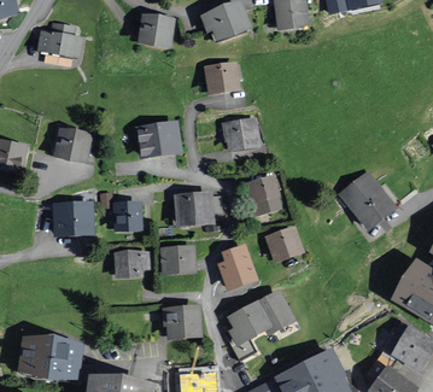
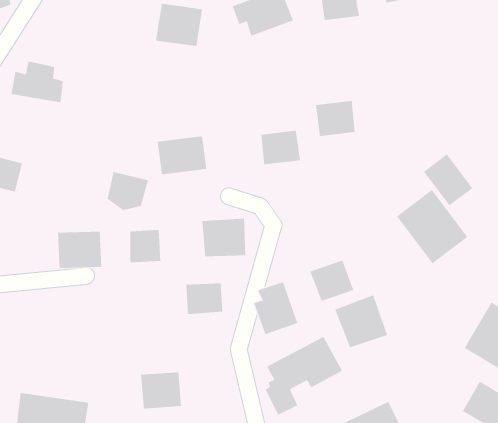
building: [37,22,82,57] -> [11,61,64,103]
building: [205,63,239,93] -> [315,101,355,137]
building: [55,130,90,163] -> [107,172,149,210]
building: none -> [423,154,473,206]
building: [247,177,279,213] -> none
building: [116,252,146,276] -> none
building: none -> [335,295,388,348]
building: [165,304,200,335] -> [140,372,182,409]

